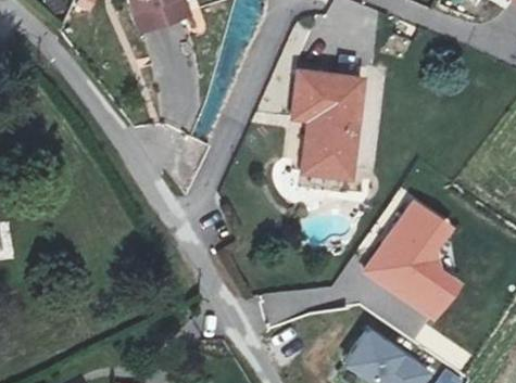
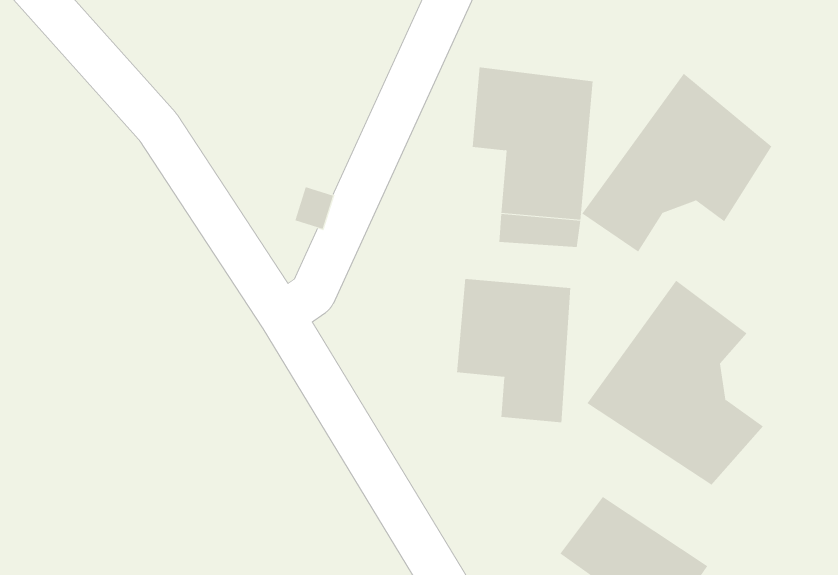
building: none -> [582,73,772,253]
building: none -> [456,278,571,423]

